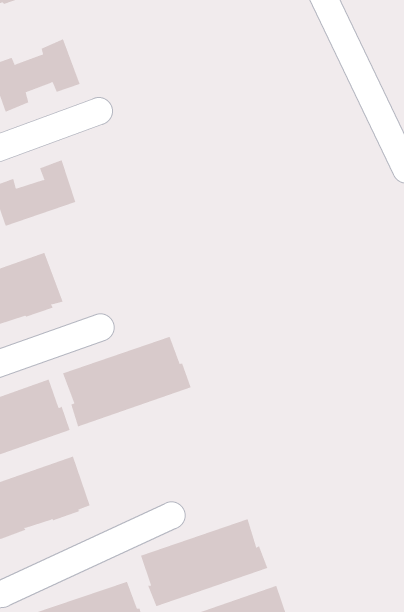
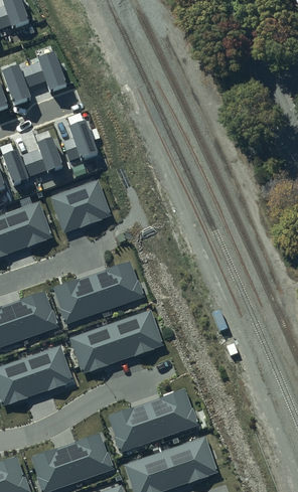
building: none -> [63,114,100,161]
building: none -> [50,180,111,232]
building: none -> [69,310,163,373]

